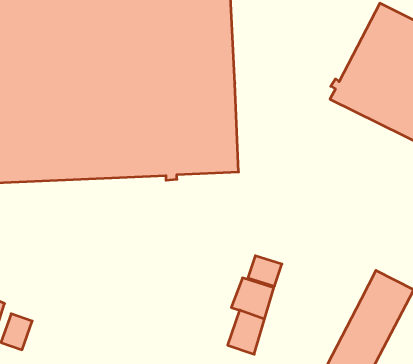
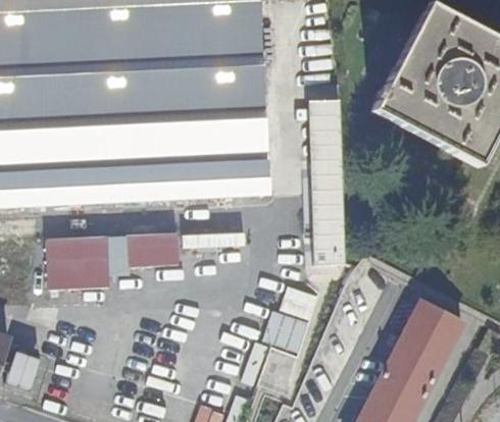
building: none -> [308,98,346,264]
building: none -> [128,230,180,267]
building: none -> [46,234,110,291]

